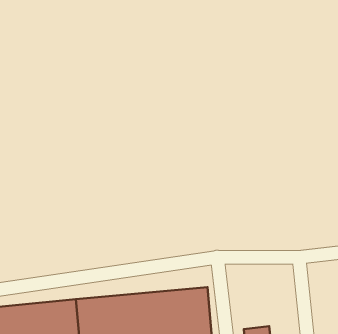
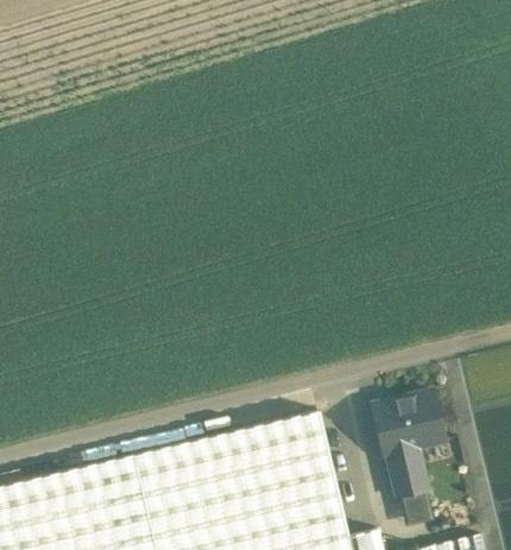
building: none -> [367,391,439,456]

